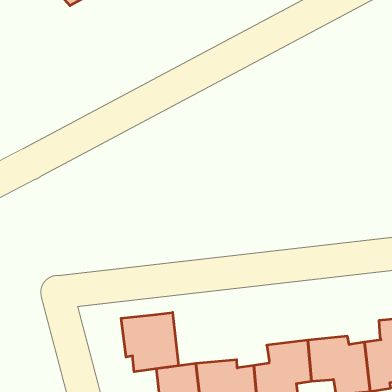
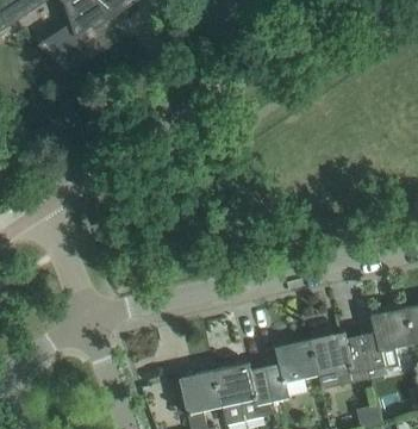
building: [121,312,179,372] -> none

